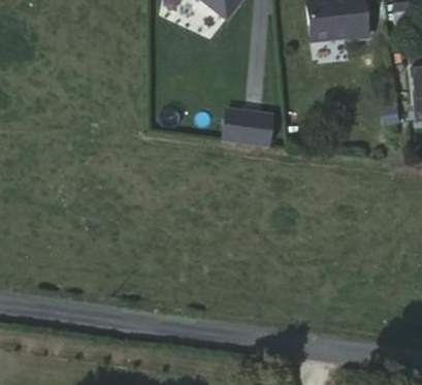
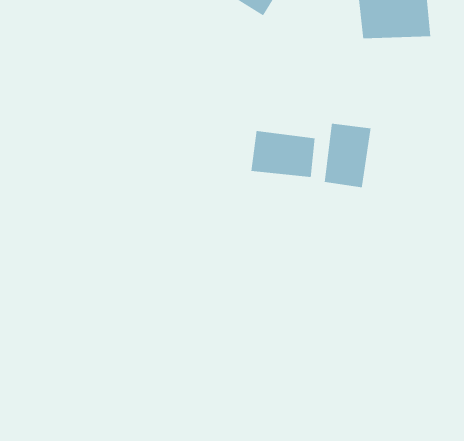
building: none -> [324,123,371,188]

